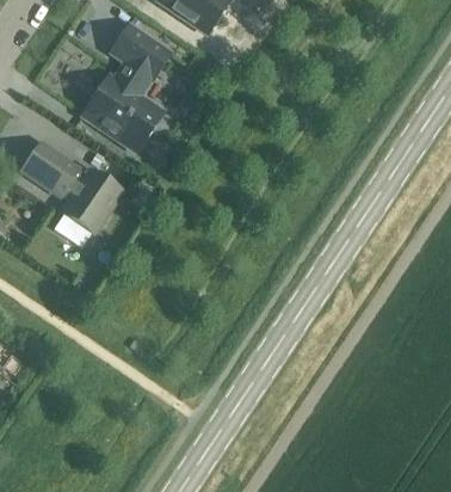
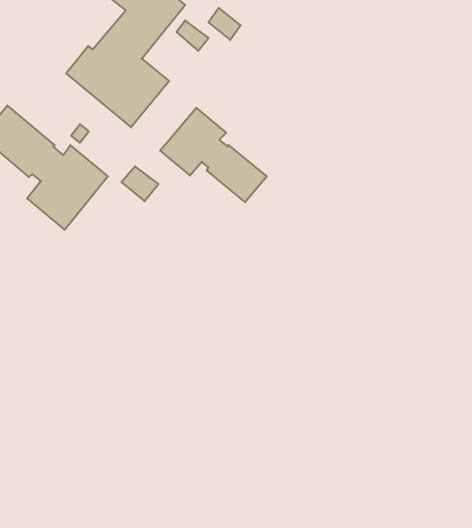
building: none -> [160,108,267,202]

